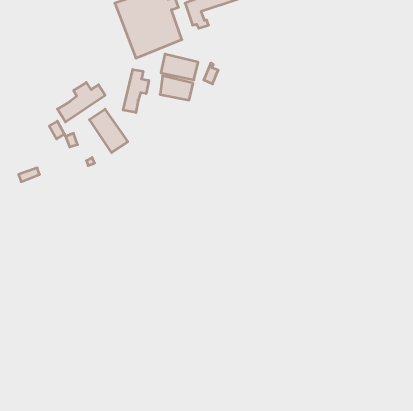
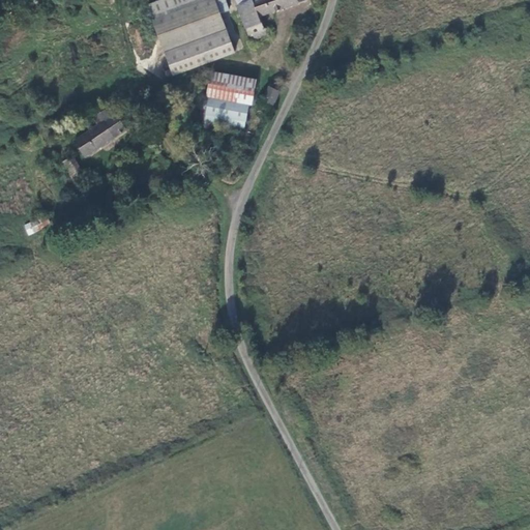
building: [123,69,149,113] -> none
building: [89,109,128,153] -> none

